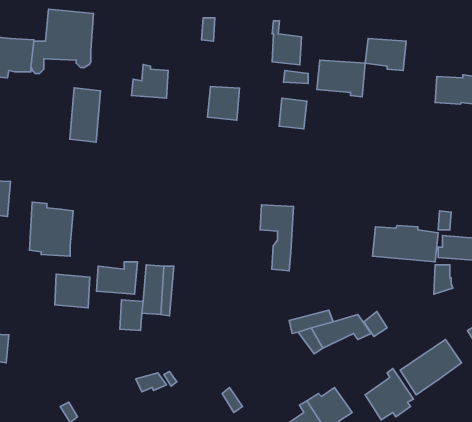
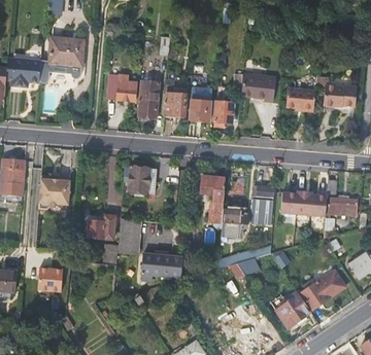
building: [272,21,301,65] -> [190,90,210,120]
building: [365,38,406,70] -> [286,88,315,111]
building: [70,88,100,142] -> [137,79,159,117]
building: none -> [124,166,157,192]
building: none -> [250,184,274,221]
building: none -> [221,209,246,239]
building: [55,274,90,308] -> [38,265,63,289]
building: none -> [140,253,182,281]

